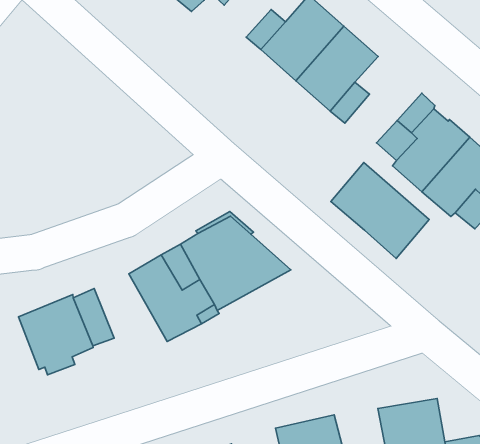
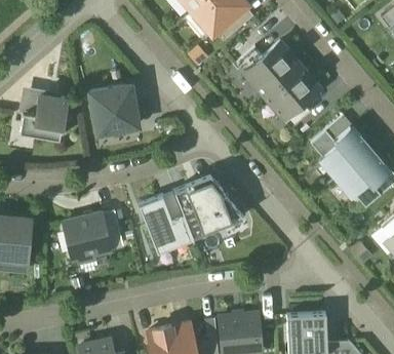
building: none -> [90,84,139,133]
building: [331,162,429,259] -> none

